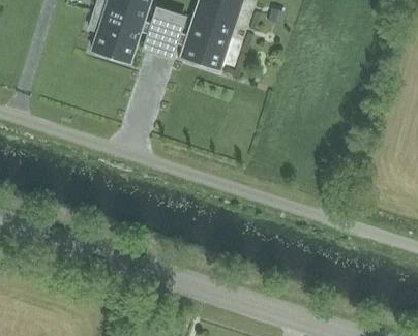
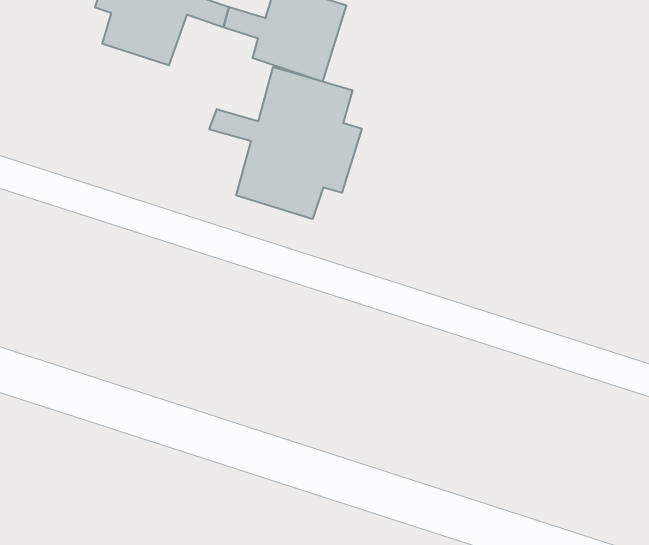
building: none -> [209,67,362,219]

